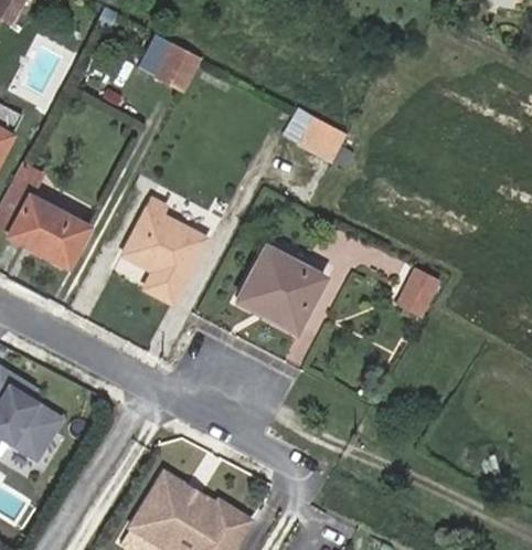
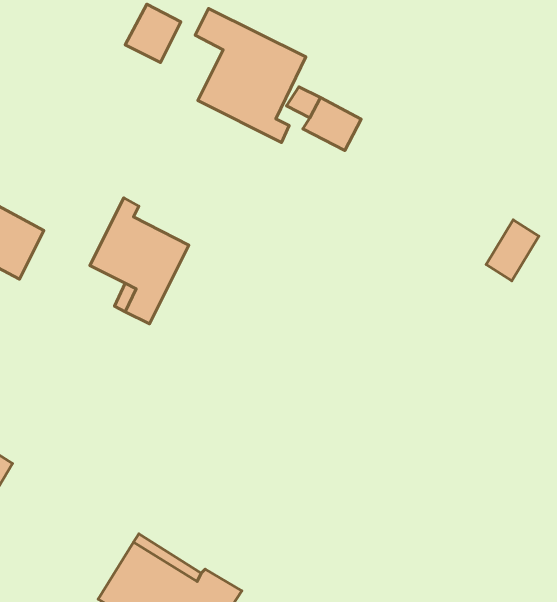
building: none -> [195,8,306,142]
building: [235,244,324,332] -> none
building: [394,267,437,317] -> [486,220,539,281]

